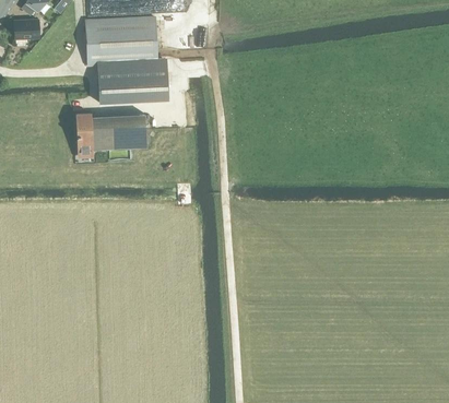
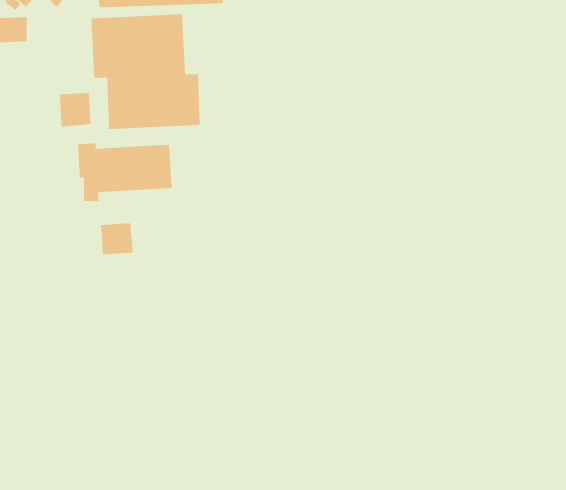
building: none -> [59,92,91,127]
building: none -> [101,223,133,255]

